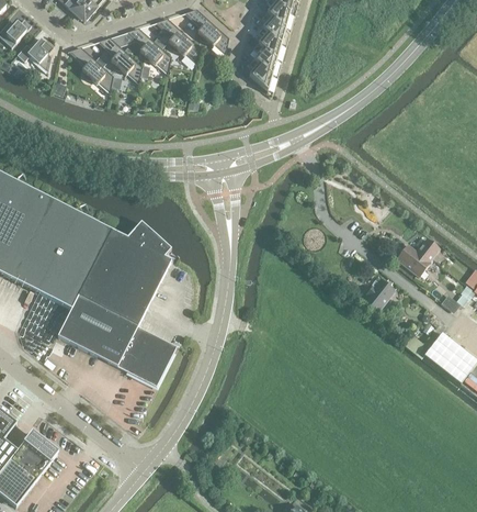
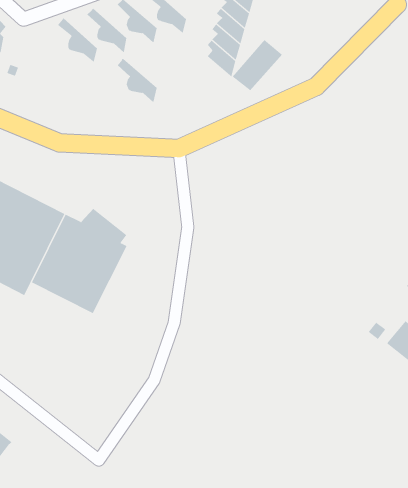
building: [73,46,113,94] -> [117,58,157,108]
building: none -> [232,39,283,91]
building: [396,238,438,276] -> none
building: [362,278,394,311] -> none
building: [57,294,175,386] -> none

